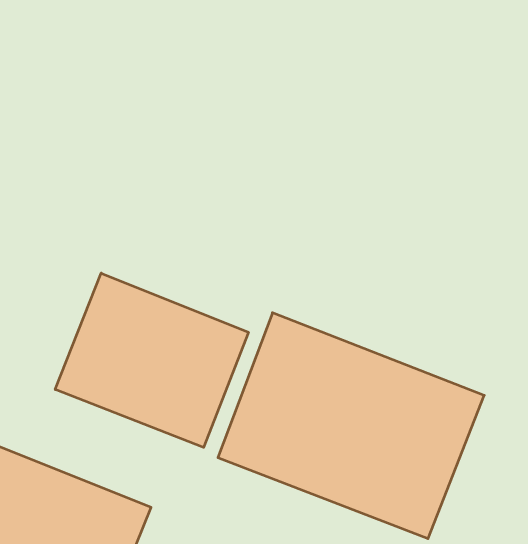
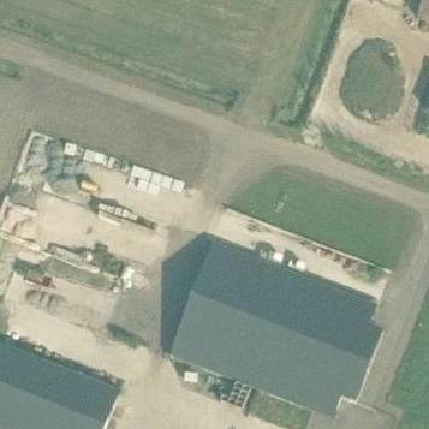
building: [55,273,248,447] -> none

